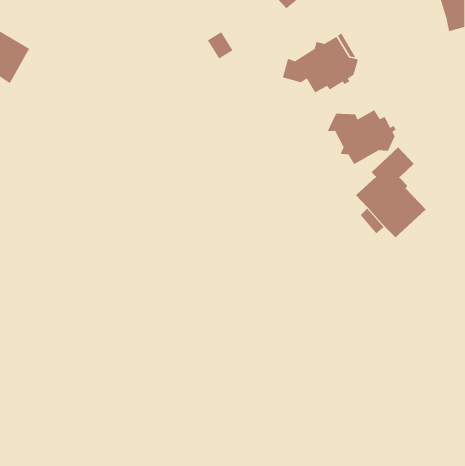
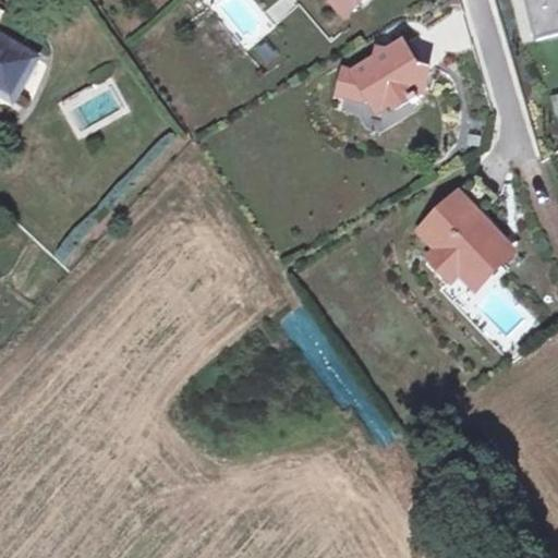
building: [326,109,397,165] -> none

